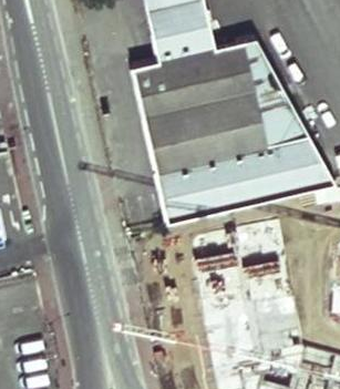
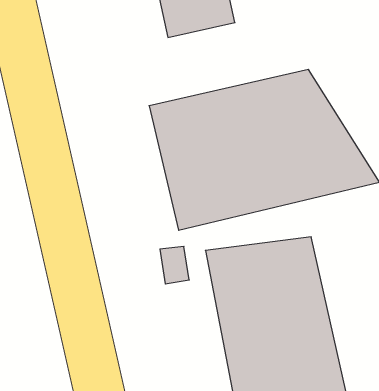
building: [133,40,276,117] -> none

